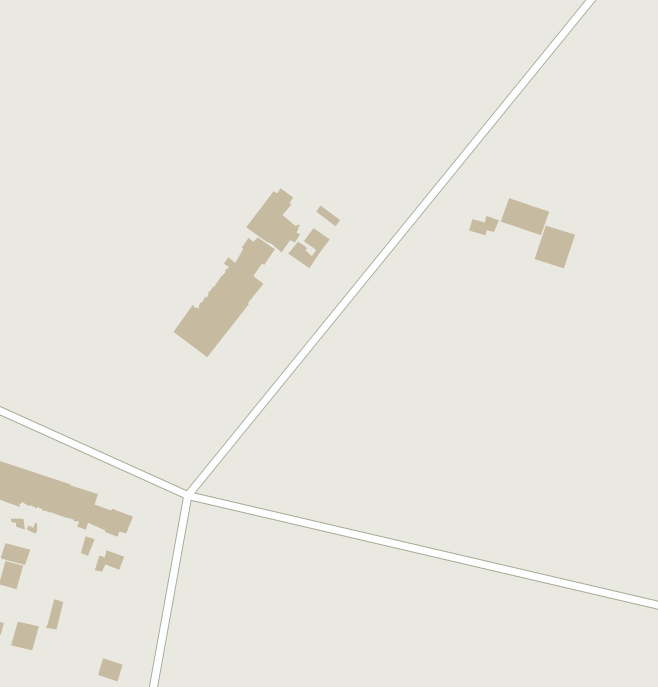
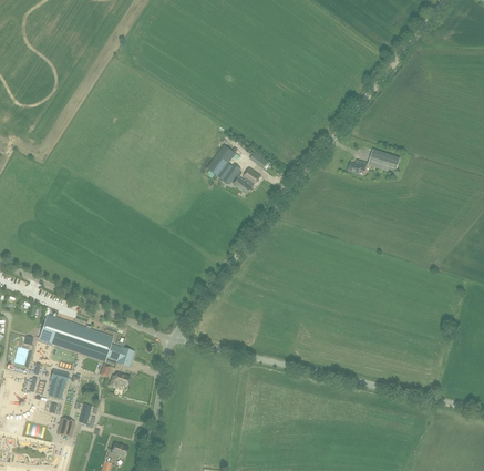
building: [534,225,576,269] -> none
building: [173,236,276,358] -> none

